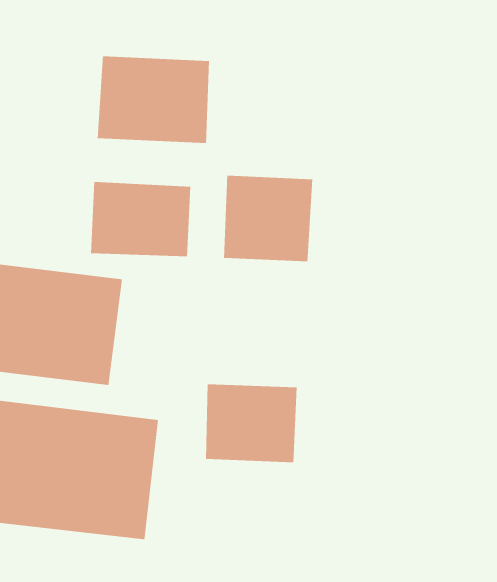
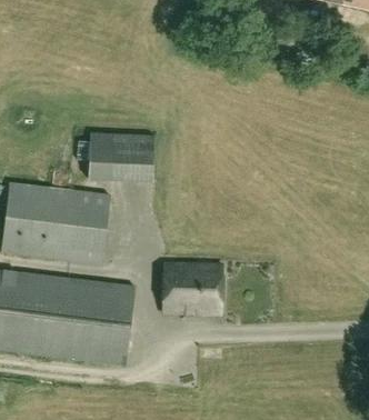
building: [97,56,210,144] -> none
building: [223,175,313,262] -> none

